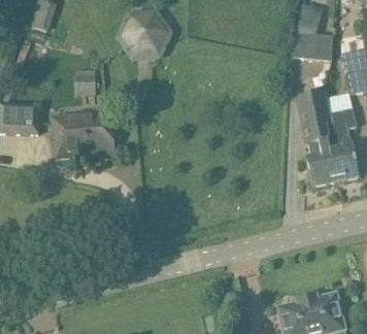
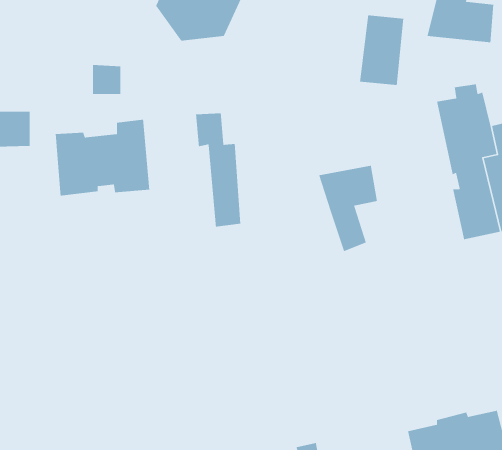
building: none -> [359,15,404,86]
building: none -> [195,112,241,227]
building: none -> [318,165,378,252]

